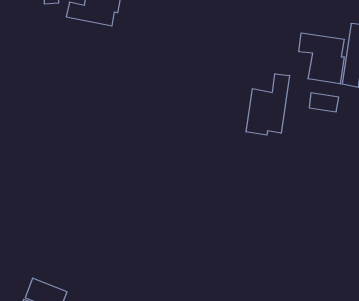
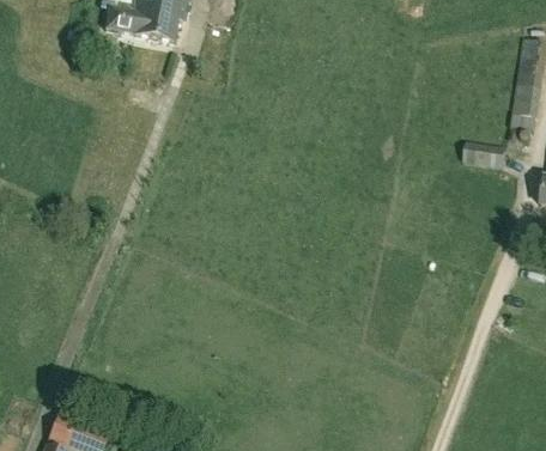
building: [299,33,344,84] -> none
building: [246,74,290,135] -> none

